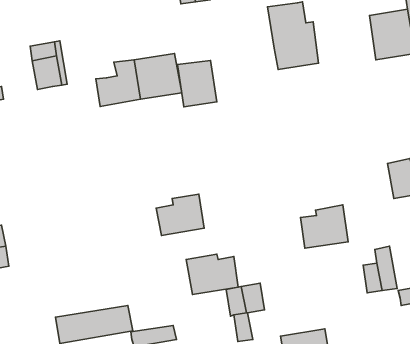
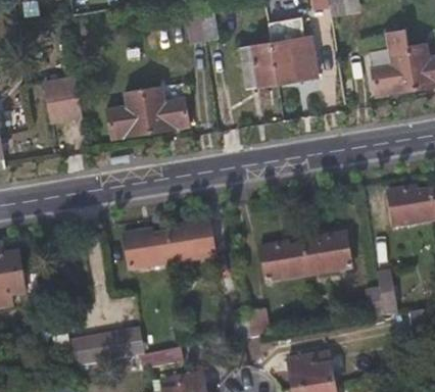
building: [178,60,217,107] -> [241,41,279,86]
building: none -> [122,231,171,268]
building: [186,254,238,294] -> [258,242,308,281]

